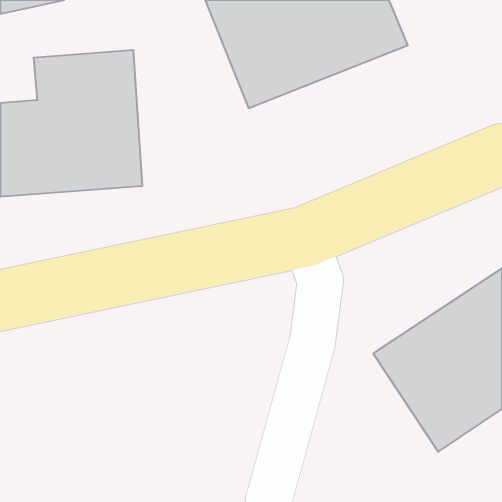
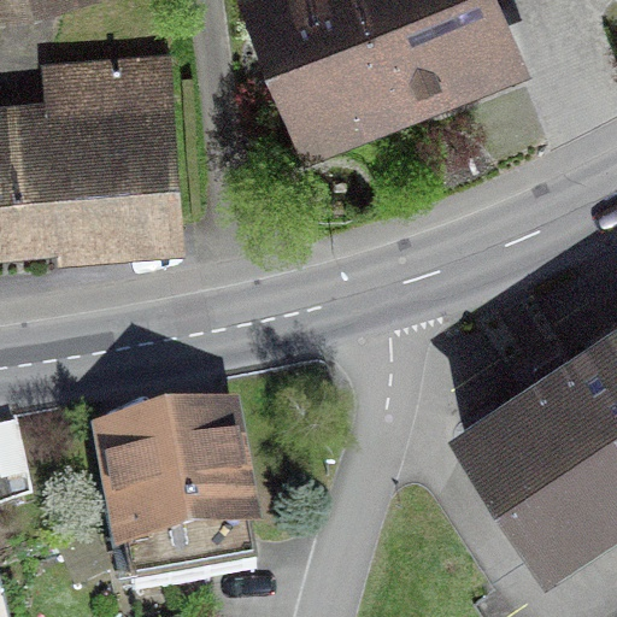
building: none -> [101,424,242,597]

